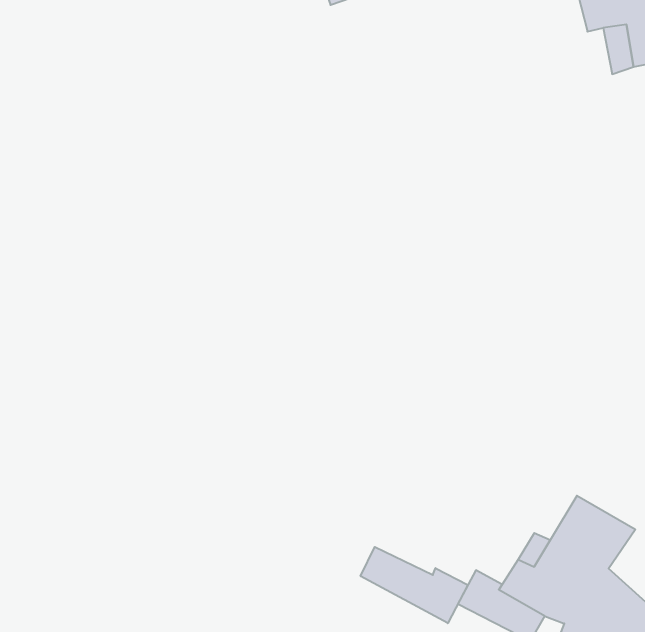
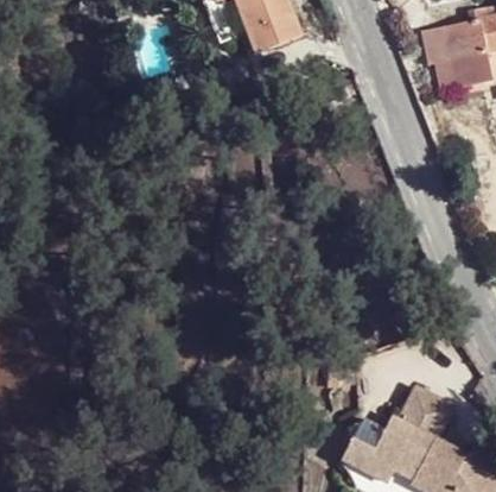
building: [361,547,468,623] -> none

